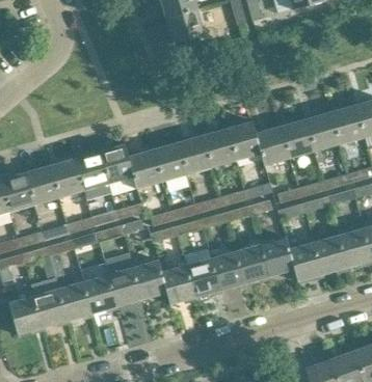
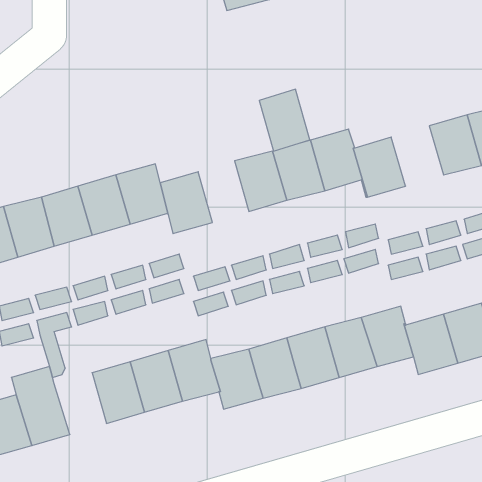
building: [281,118,315,158] -> none
building: [154,141,187,182] -> [259,89,310,151]
building: [59,280,94,321] -> none

